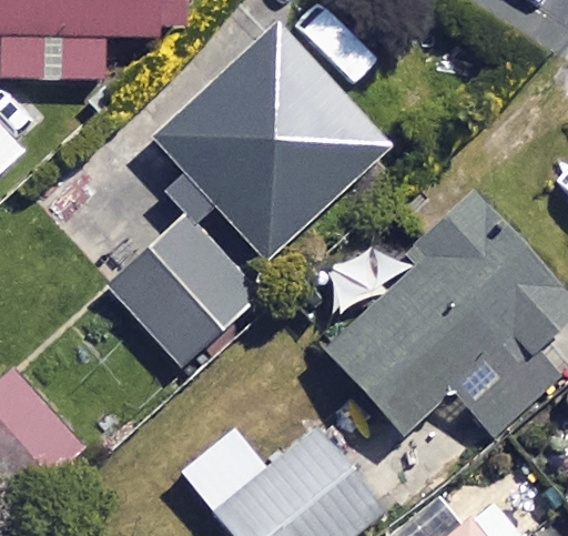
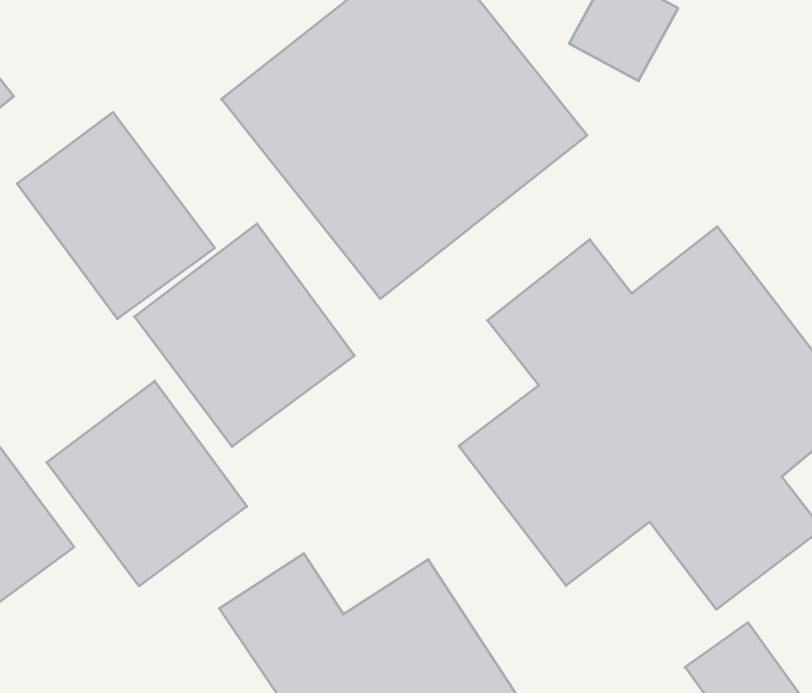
building: none -> [17,112,215,319]
building: none -> [47,381,247,586]

